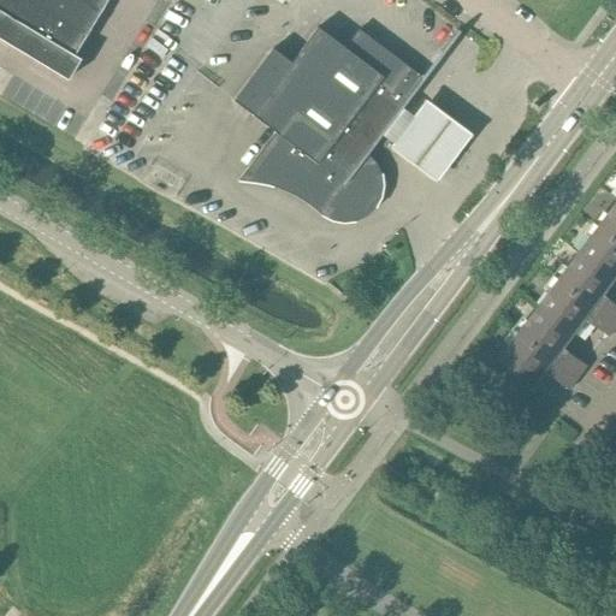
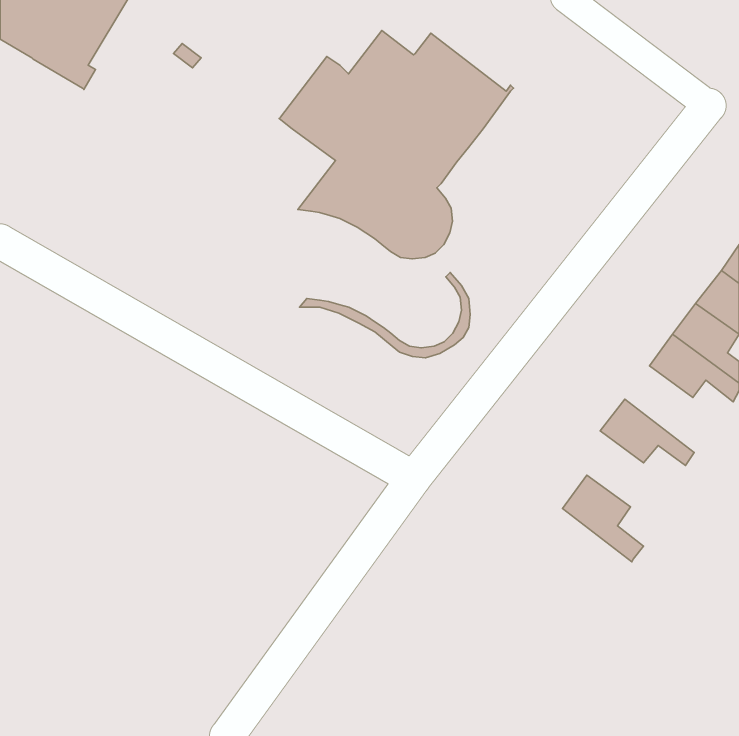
building: [380,101,470,184] -> none
building: [242,153,384,224] -> [300,273,470,358]
building: [520,304,587,377] -> [562,475,643,562]

